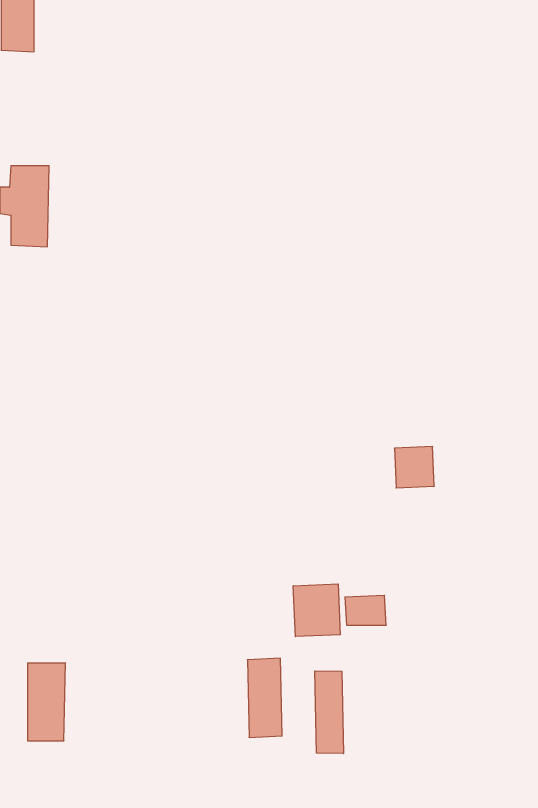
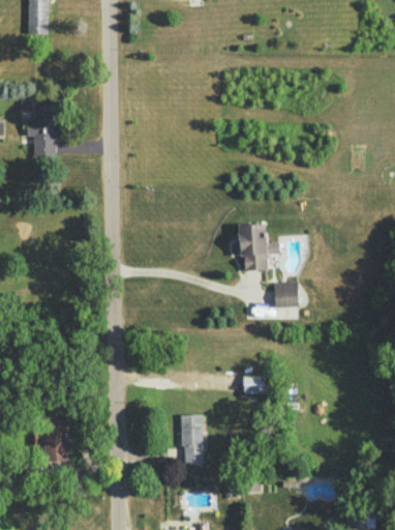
building: none -> [237,224,278,270]
building: [293,584,340,637] -> none
building: [315,671,343,754] -> none

